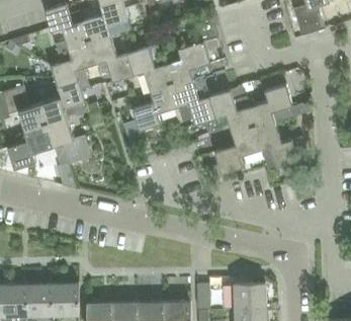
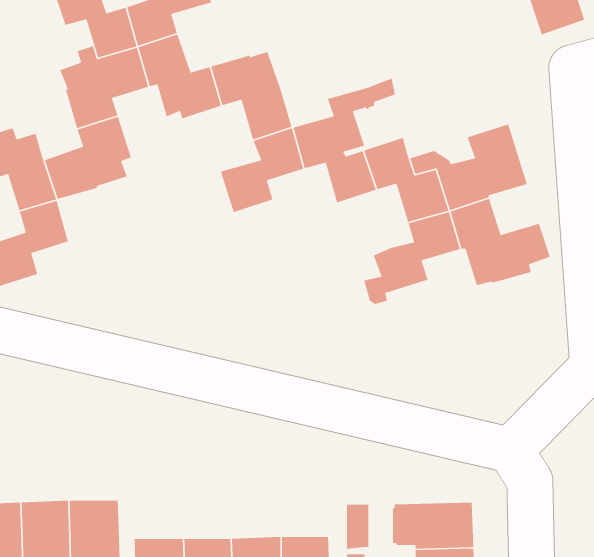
building: [164,38,223,85] -> none
building: [46,117,90,187] -> none

